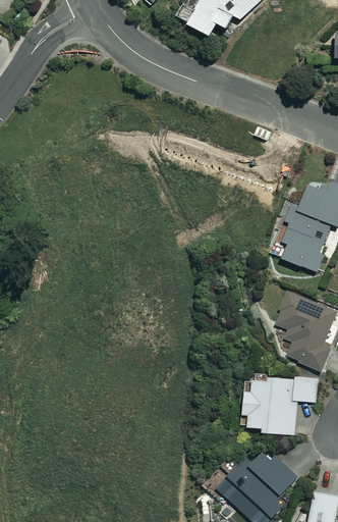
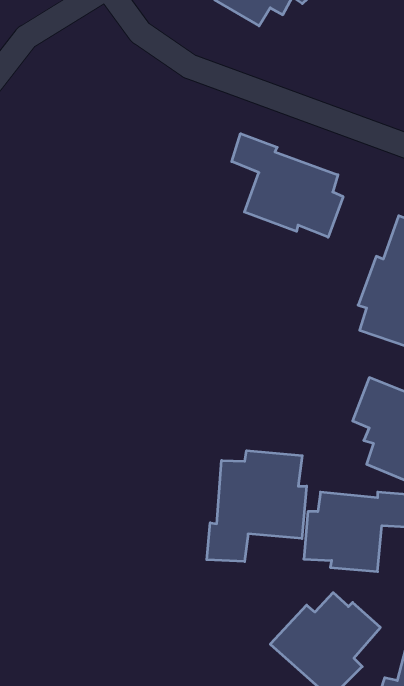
building: none -> [232,134,343,237]
building: none -> [207,451,307,562]

